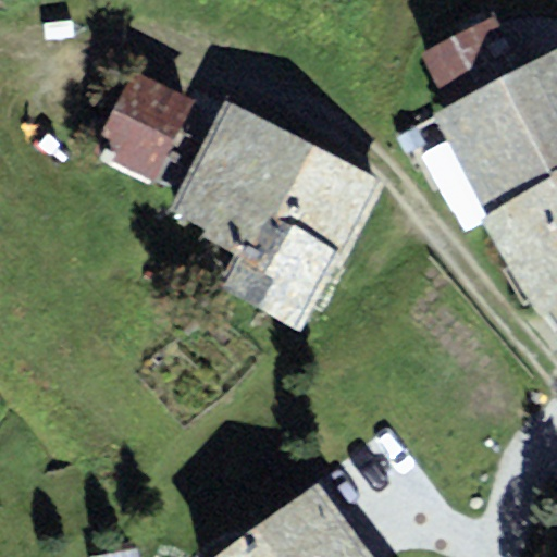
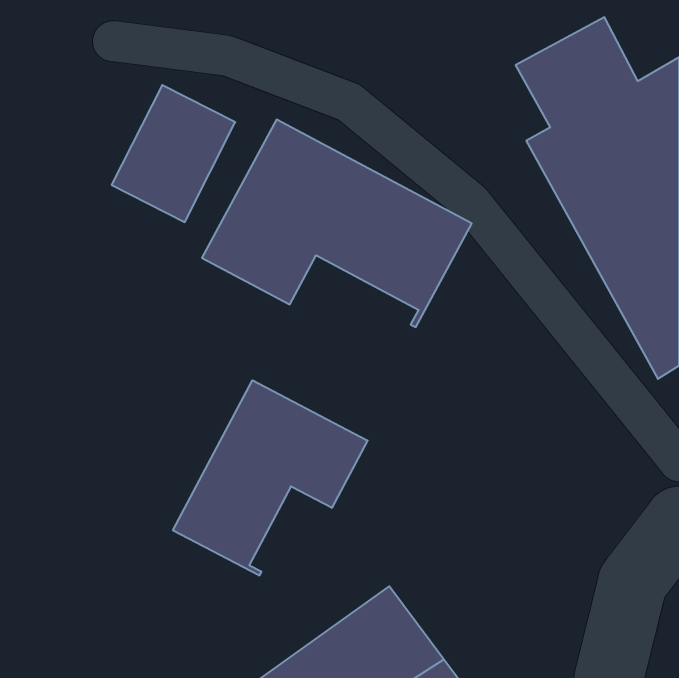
building: [219,210,343,330] -> none
building: none -> [173,380,368,576]

